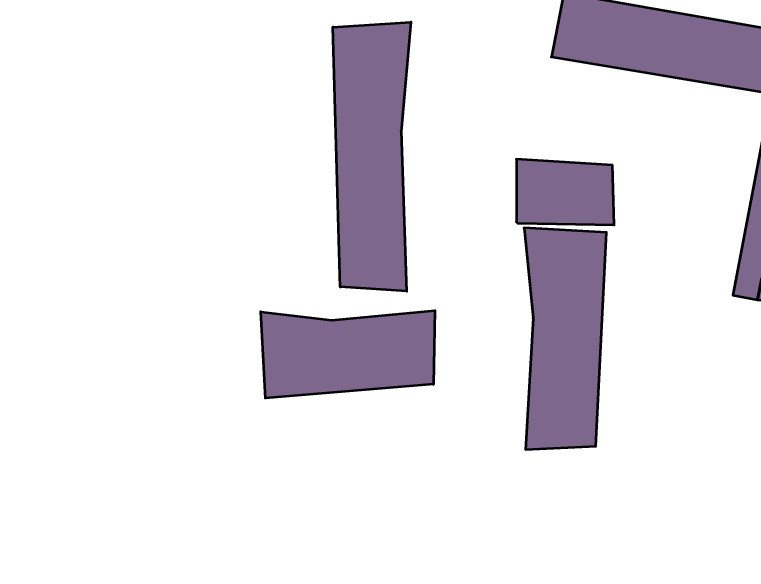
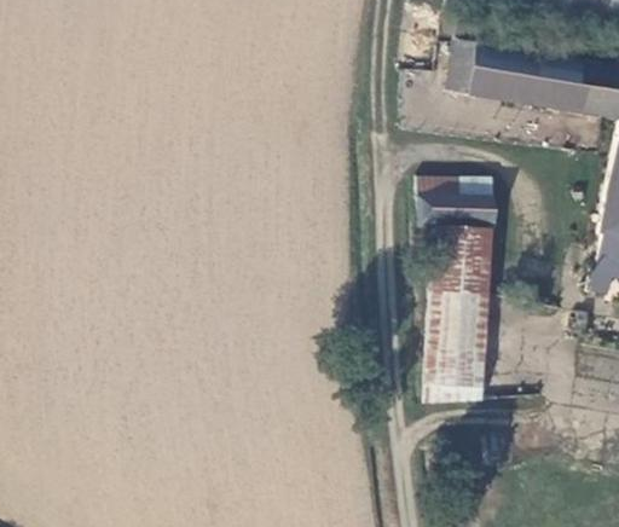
building: [333,22,411,291] -> none
building: [261,311,435,398] -> none

